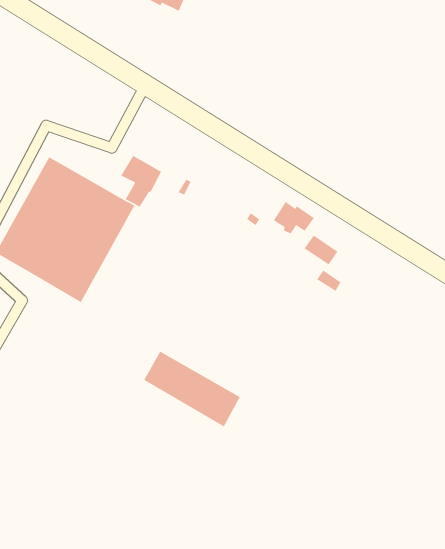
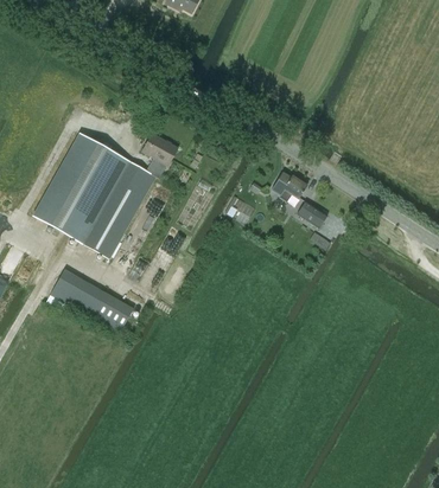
building: [143,351,241,428] -> [50,268,133,333]

